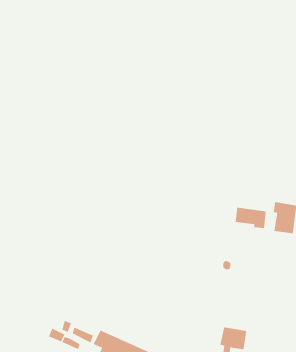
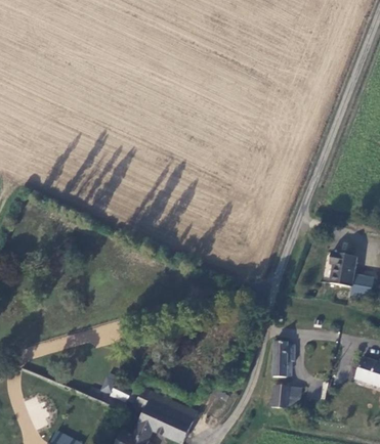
building: [235,207,266,229] -> none
building: none -> [272,341,289,375]

